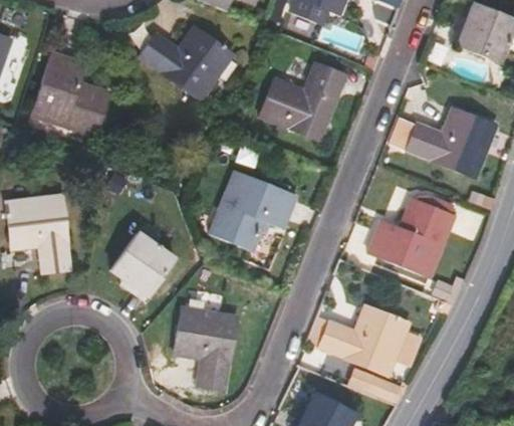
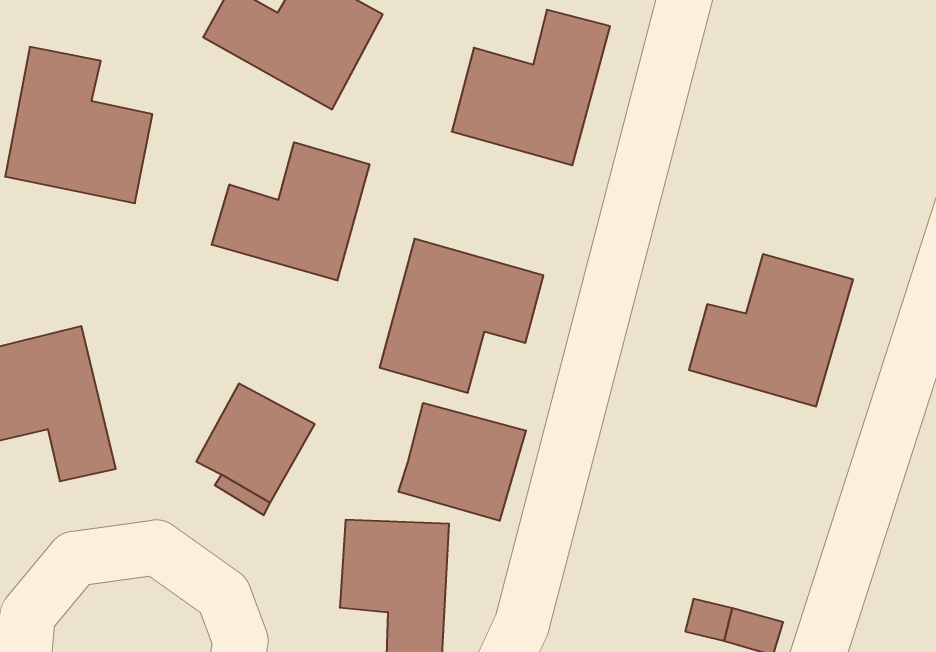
building: [406,109,495,177] -> none
building: none -> [212,142,370,281]
building: none -> [399,403,526,521]
building: [319,307,408,375] -> none

